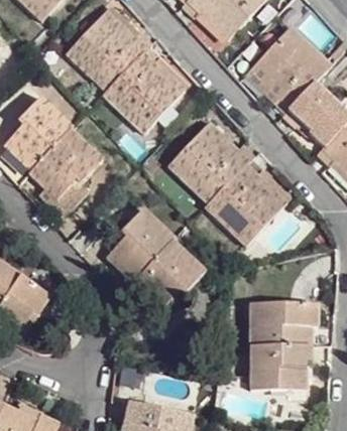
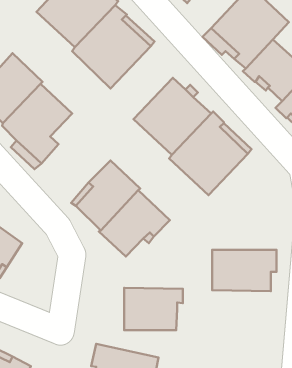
building: [250,344,312,389] -> [124,288,183,330]

